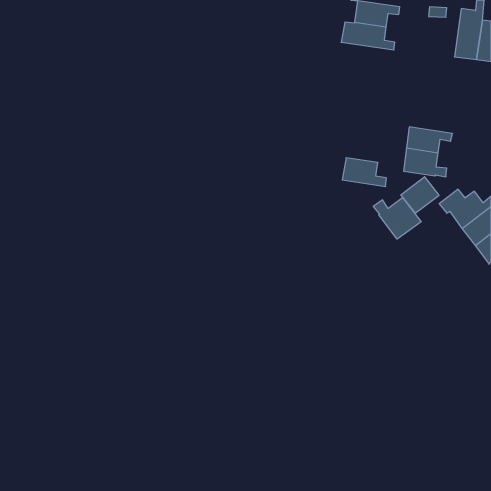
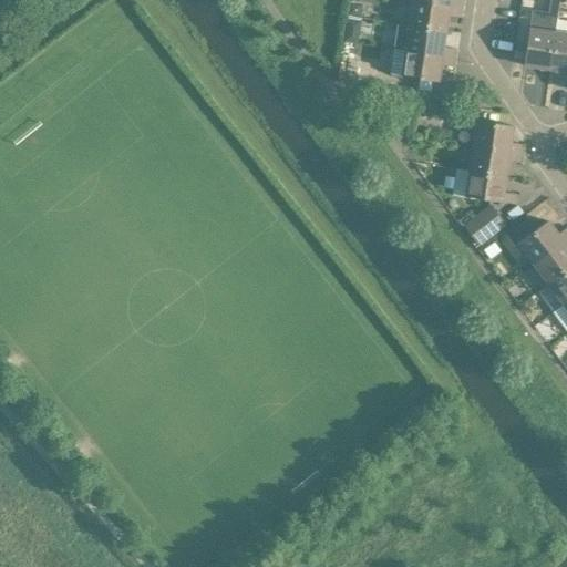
building: none -> [393,49,454,82]
building: [342,158,386,187] -> [472,121,523,154]
building: [373,197,421,239] -> none

